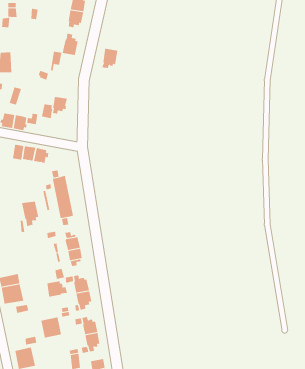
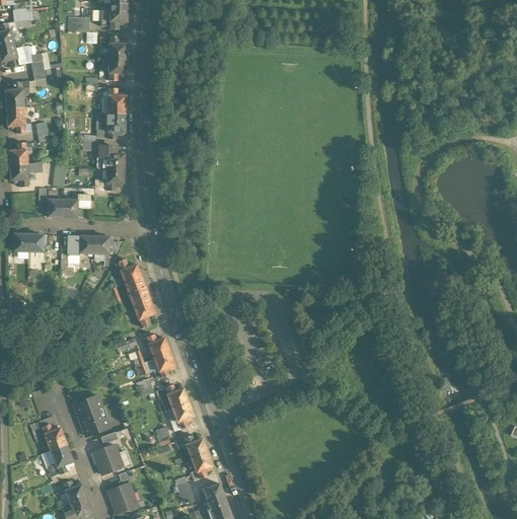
building: [102,48,118,69] -> [107,114,125,138]
building: none -> [97,146,124,168]
building: [21,201,39,227] -> none
building: [47,280,68,297] -> none
building: [40,317,62,338] -> [92,444,122,473]

